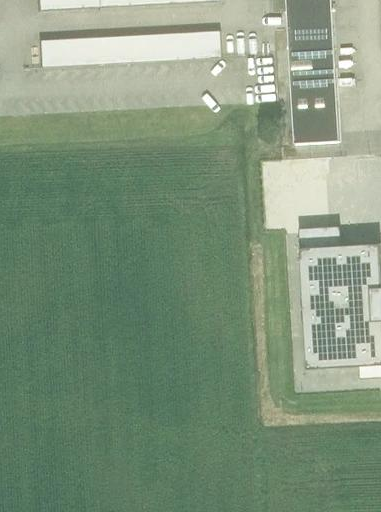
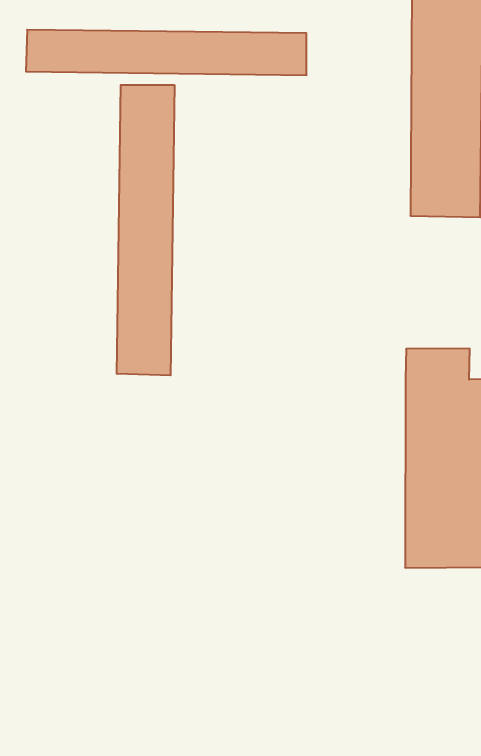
building: none -> [117,85,174,375]

